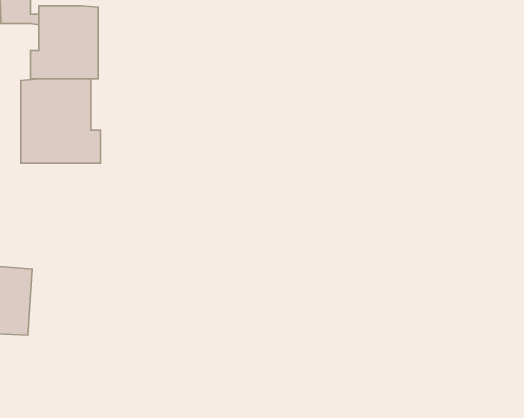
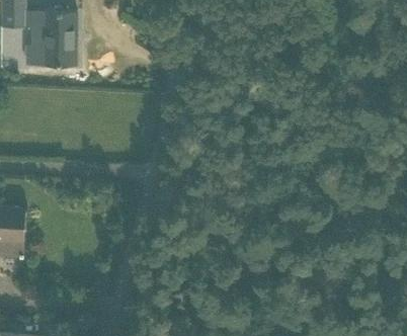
building: [21,79,100,163] -> none

